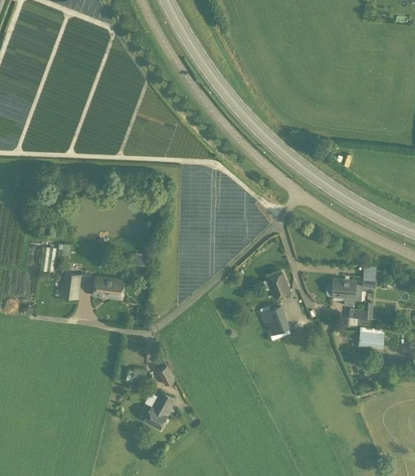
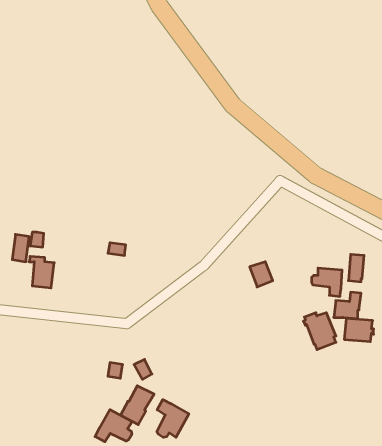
building: [91,276,124,299] -> none
building: [258,306,289,341] -> [303,313,336,350]
building: none -> [157,400,189,437]
building: none -> [95,410,132,442]

